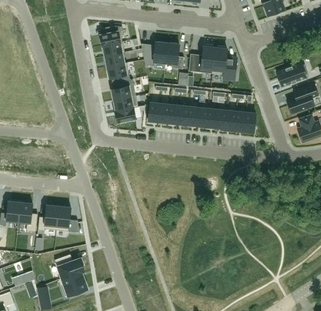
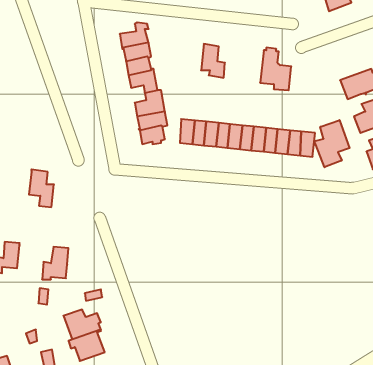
building: [142,42,167,67] -> none
building: [192,45,215,74] -> none
building: none -> [314,120,350,167]
building: [18,202,38,232] -> [29,169,54,207]
building: [57,206,80,233] -> none

